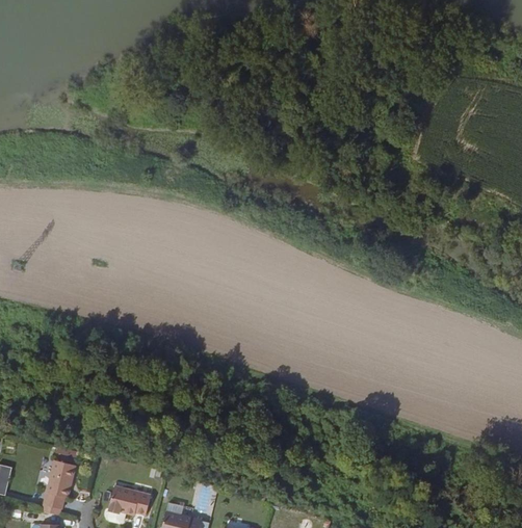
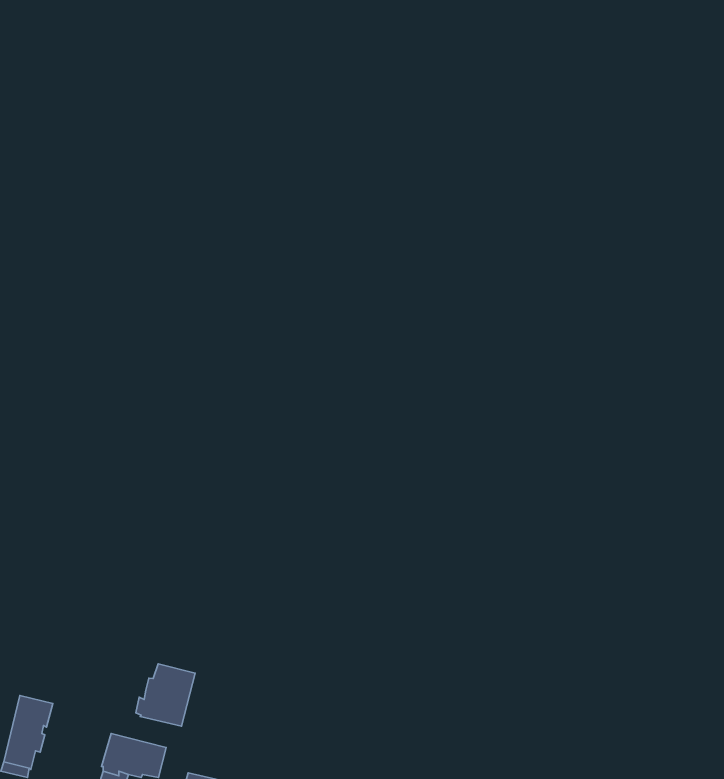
building: none -> [136,664,195,726]

